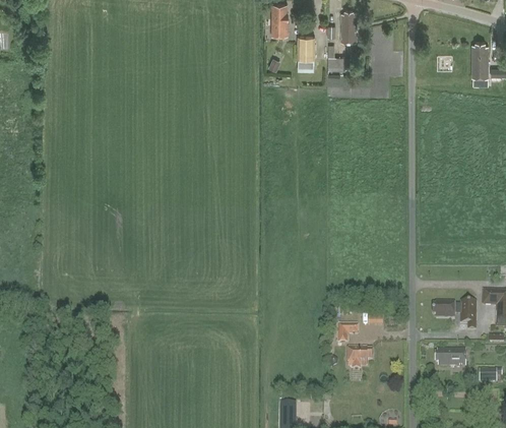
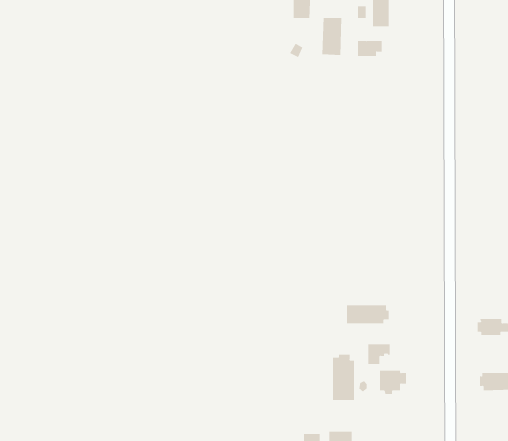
building: none -> [346,305,389,324]
building: none -> [333,354,355,401]

